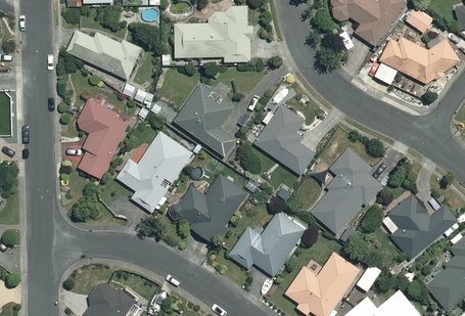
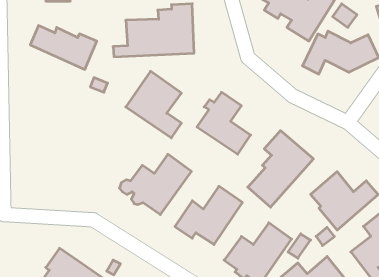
building: [75,98,131,179] -> none
building: [117,131,192,212] -> none

